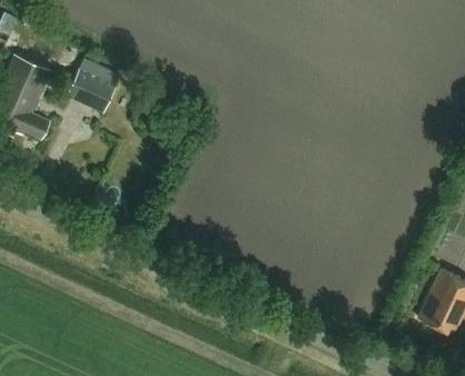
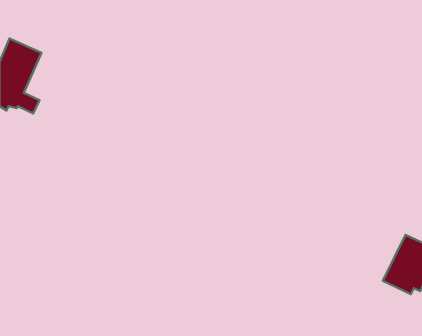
building: [70,66,118,110] -> none

